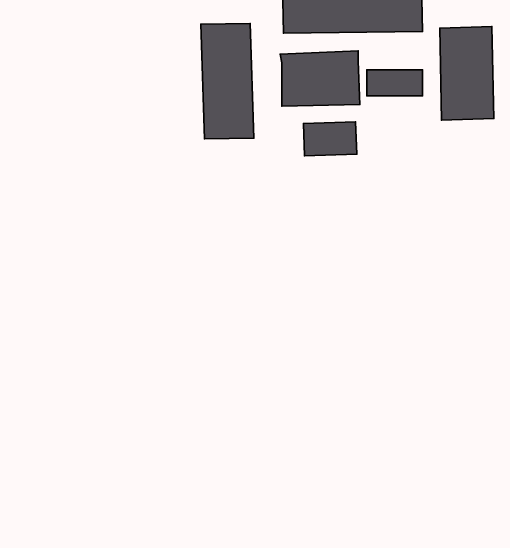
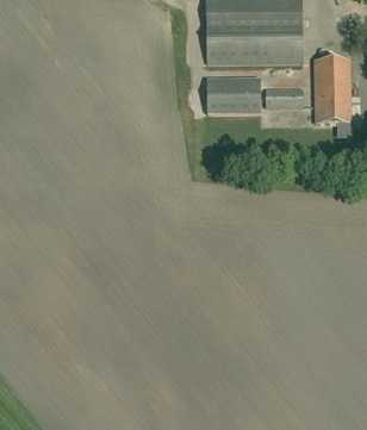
building: [201,24,254,139] -> none
building: [304,122,357,156] -> none

